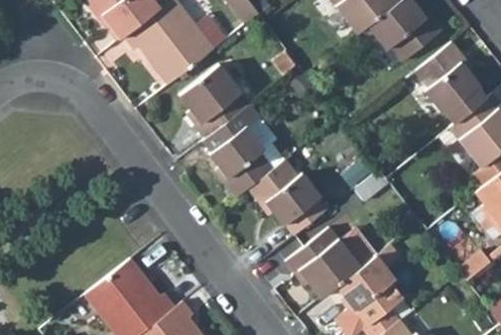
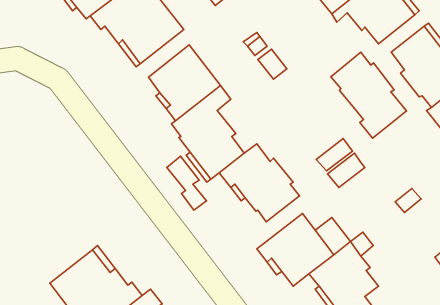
building: none -> [331,52,406,138]
building: [247,116,285,169] -> [167,156,206,210]

